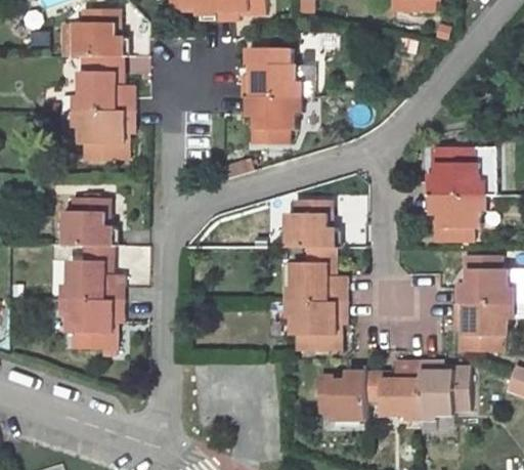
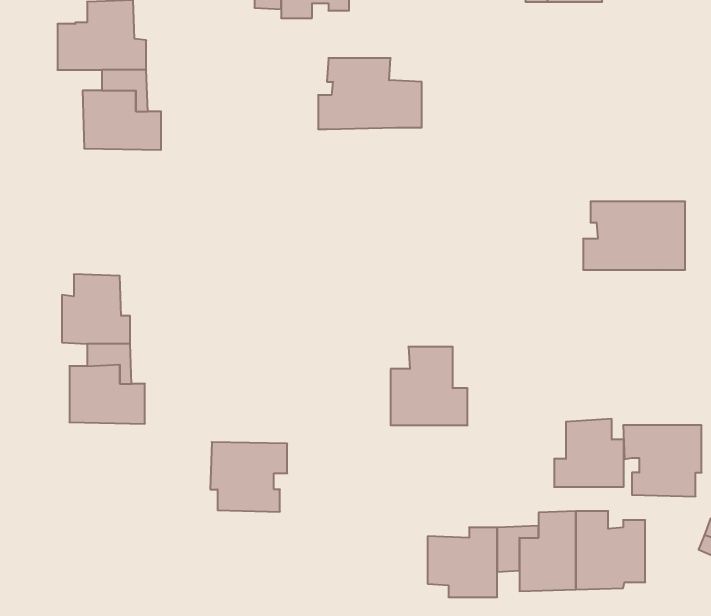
building: [248,96,296,142] -> none
building: [80,111,133,160] -> none
building: [431,195,479,242] -> none
building: [287,200,335,248] -> none
building: [458,255,507,302] -> [554,419,624,487]
building: [69,300,122,348] -> [210,442,287,512]
building: [292,302,345,350] -> none

